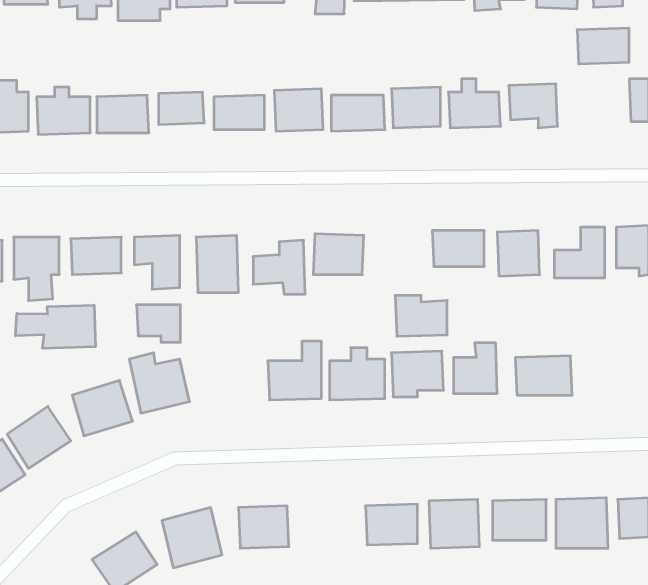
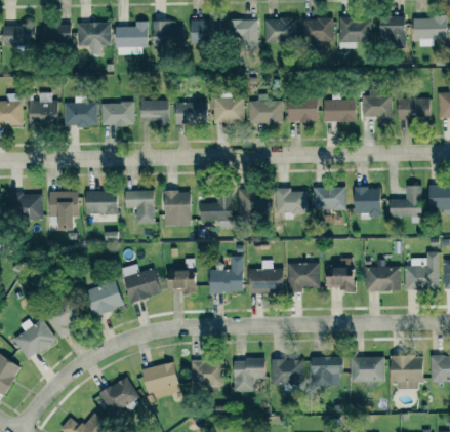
building: [577,28,629,64] -> [397,97,429,120]
building: [395,296,447,336] -> [275,188,308,213]
building: [136,305,180,342] -> [168,270,196,293]
building: [16,305,95,348] -> none
building: none -> [404,251,439,288]
building: none -> [233,358,265,391]

